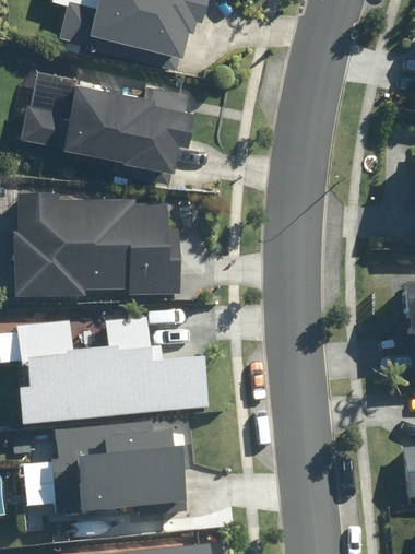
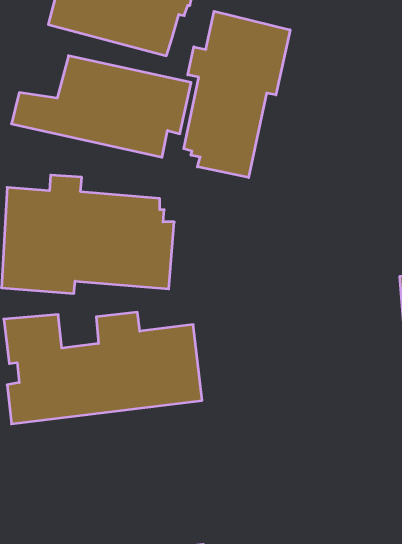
building: none -> [184,11,290,178]
building: [21,425,186,518] -> none

